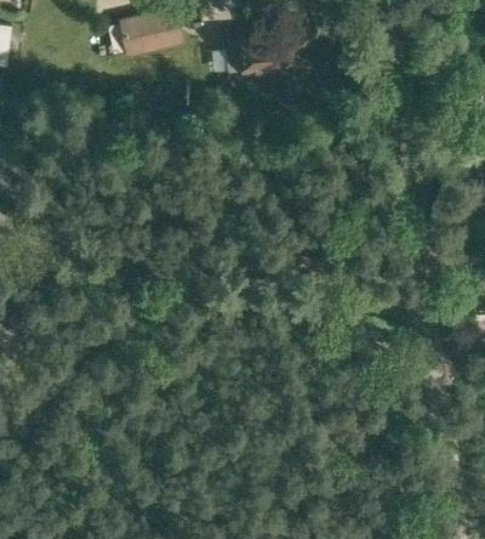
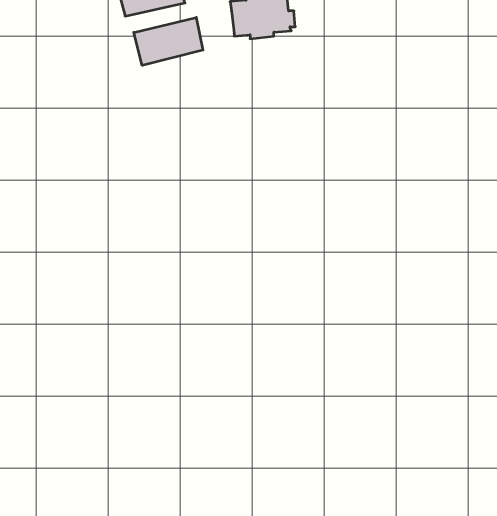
building: none -> [134,17,203,65]

